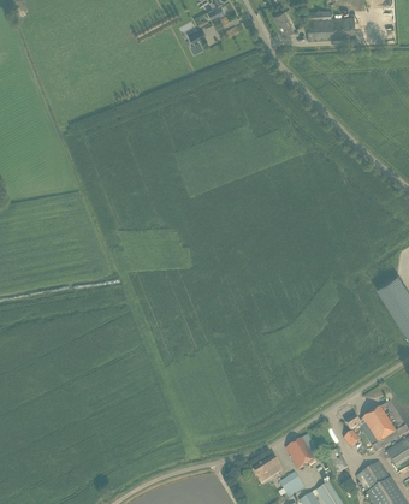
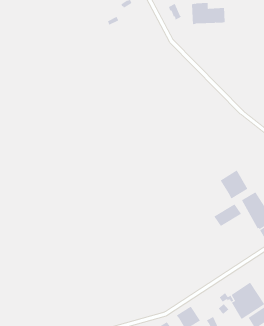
building: none -> [220,170,248,200]
building: none -> [214,203,242,227]

